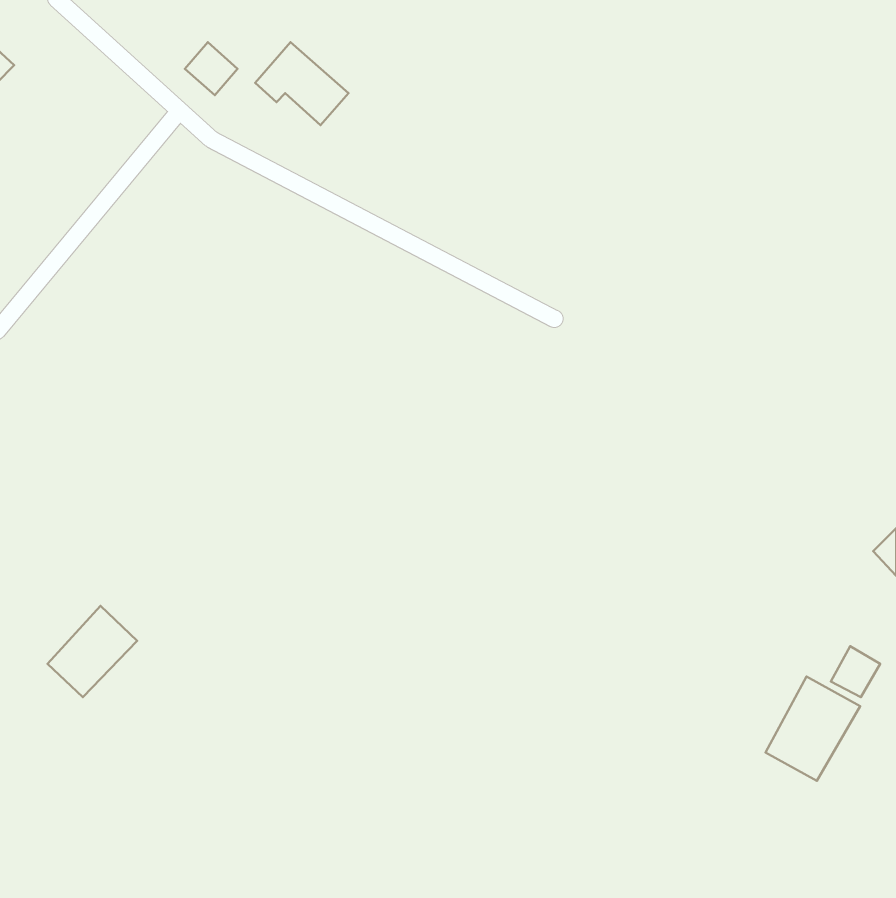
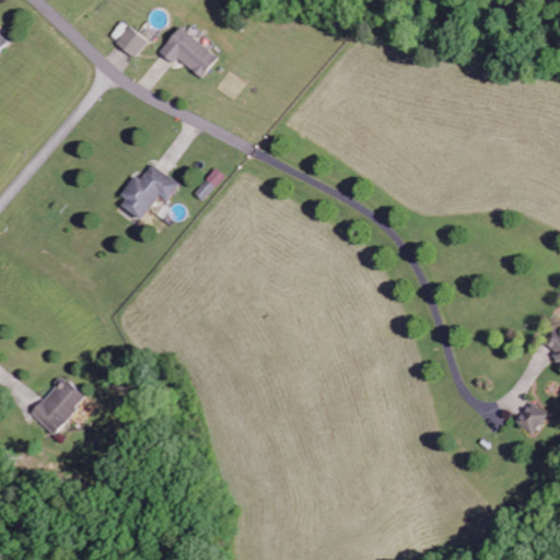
building: none -> [116,163,179,220]
building: [766,676,860,781] -> none

